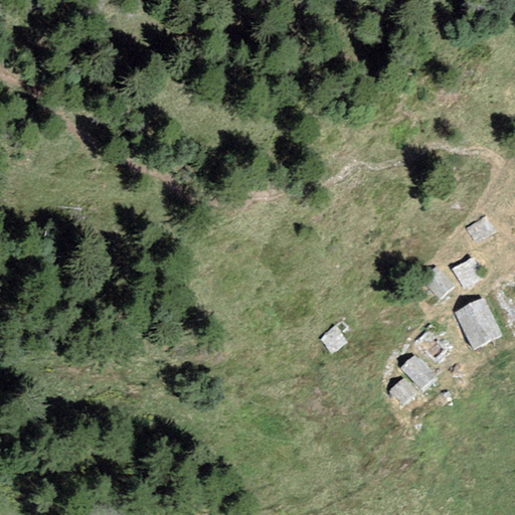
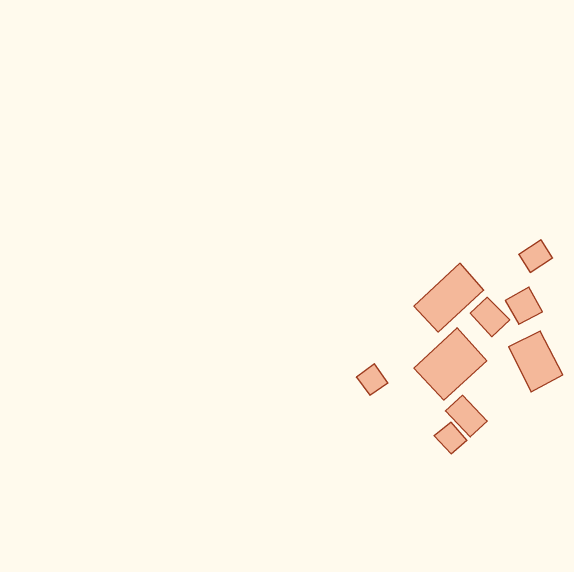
building: none -> [414,263,484,332]
building: none -> [414,328,487,400]

